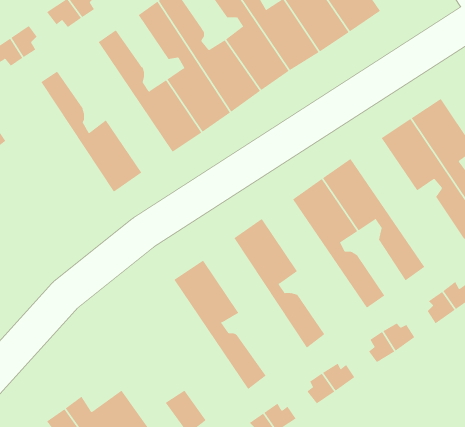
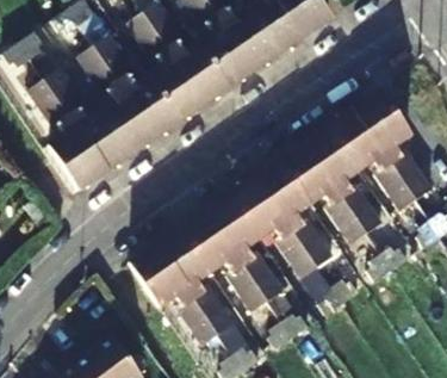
building: none -> [79,47,157,155]
building: none -> [30,80,108,190]
building: none -> [306,126,384,234]
building: none -> [232,178,319,279]
building: none -> [184,210,269,314]
building: none -> [131,244,221,347]

